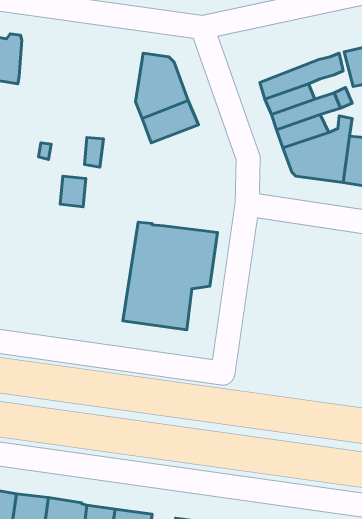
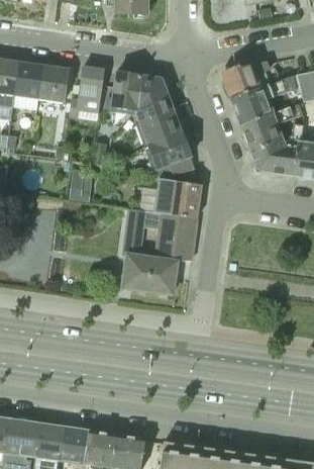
building: none -> [222,60,277,98]
building: none -> [39,62,69,102]
building: none -> [70,67,105,120]
building: none -> [111,72,138,113]
building: none -> [144,131,195,175]
building: none -> [154,178,201,216]

